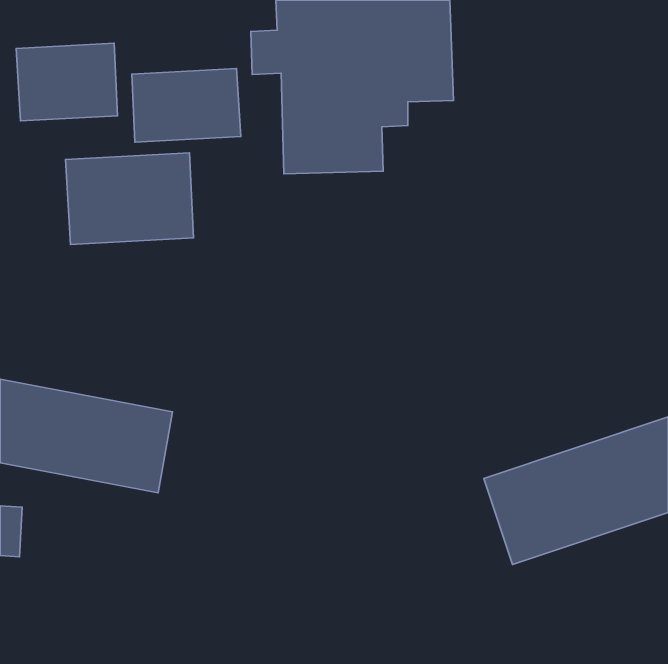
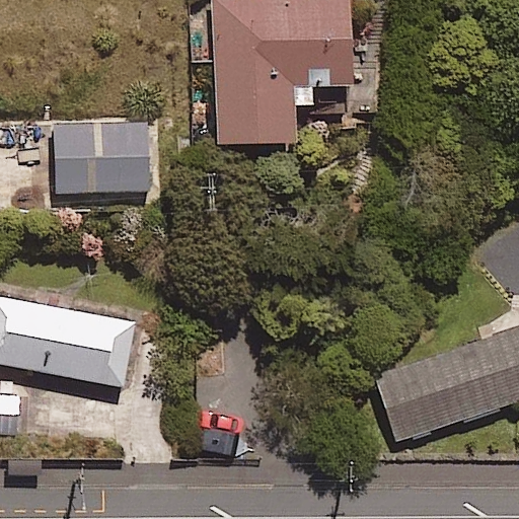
building: [16,43,117,121] -> none
building: [132,69,241,142] -> none

